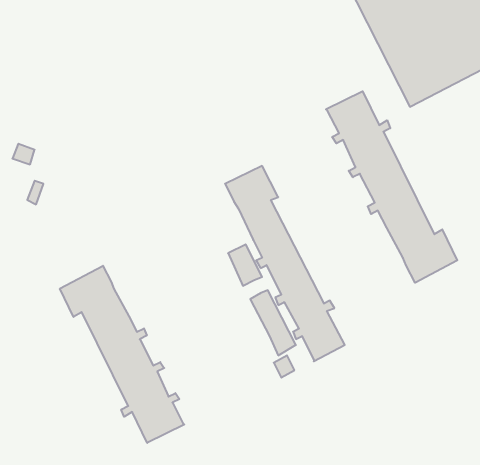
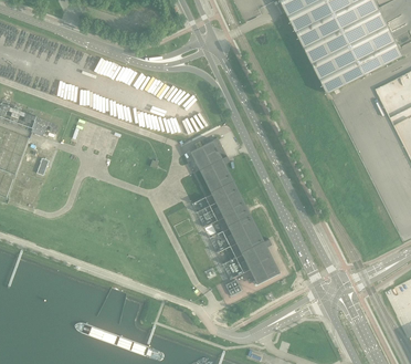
building: [326,91,457,283] -> none
building: [60,266,184,443] -> none

